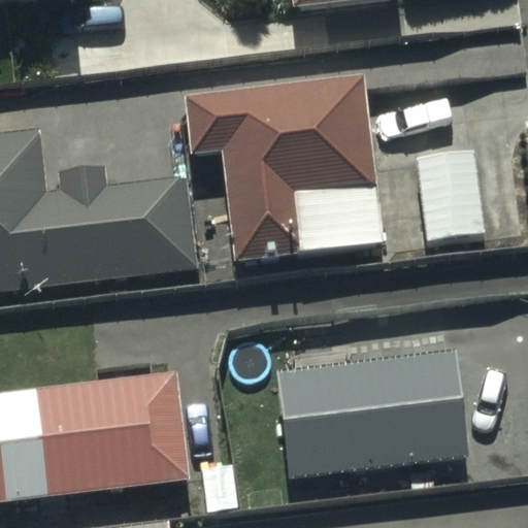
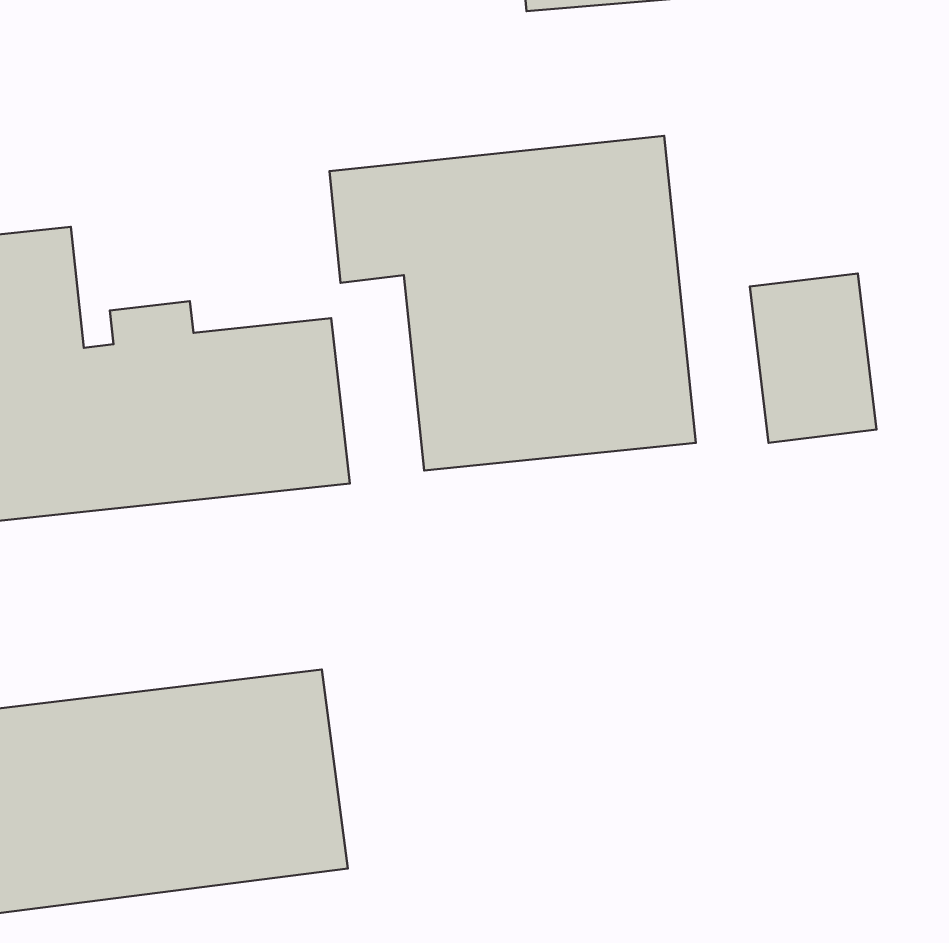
building: [276,349,464,475] -> none

